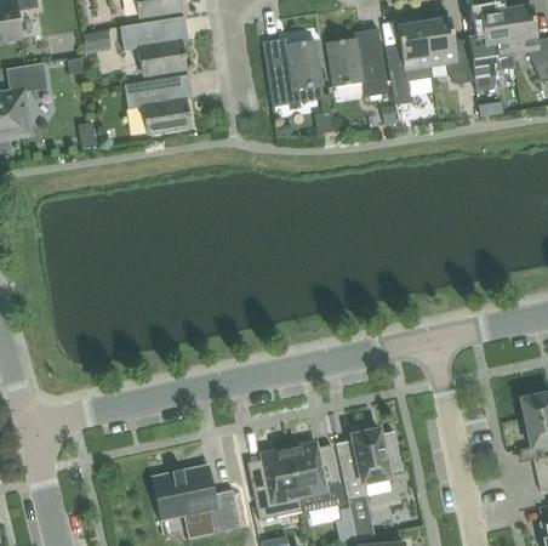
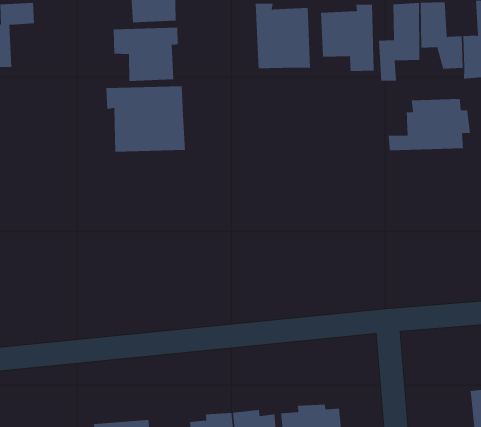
building: none -> [388,98,470,151]
building: none -> [106,86,185,152]

